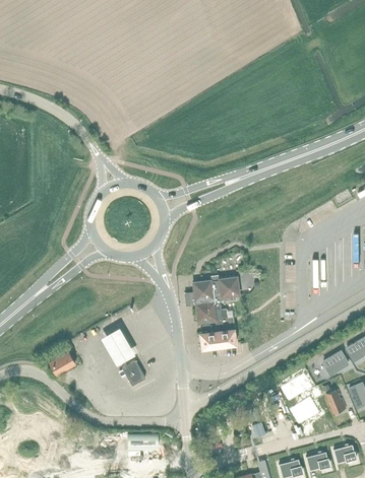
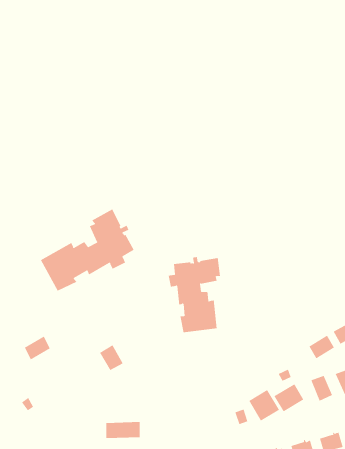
building: none -> [40,208,135,292]
building: [102,328,135,365] -> none
building: none -> [248,389,280,421]

